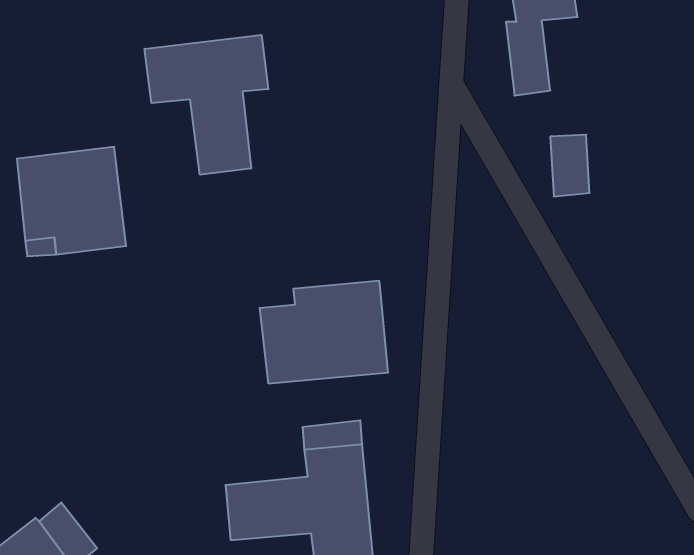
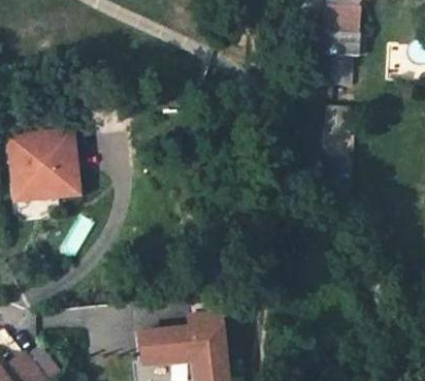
building: [145,35,268,175] -> none
building: [260,281,388,384] -> none

